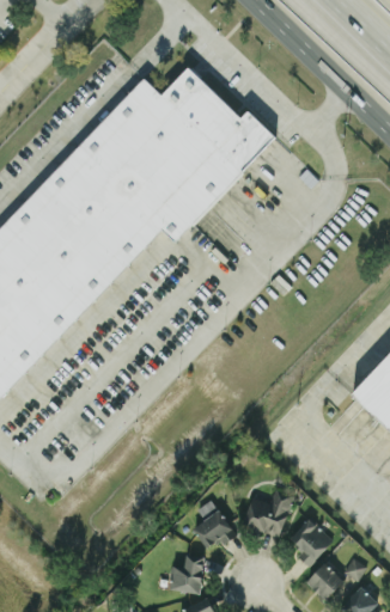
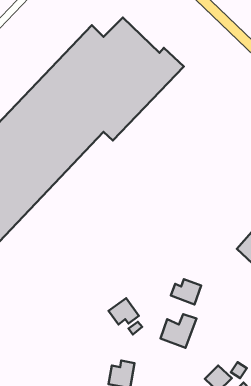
building: none -> [171,279,201,304]
building: [194,509,237,546] -> [109,298,139,324]
building: [290,518,334,567] -> none

